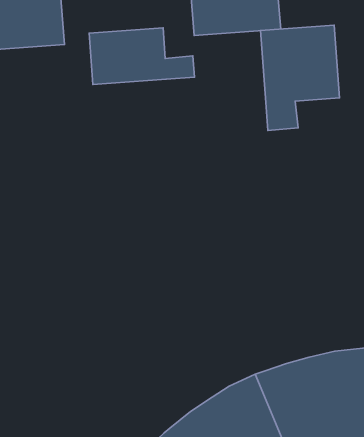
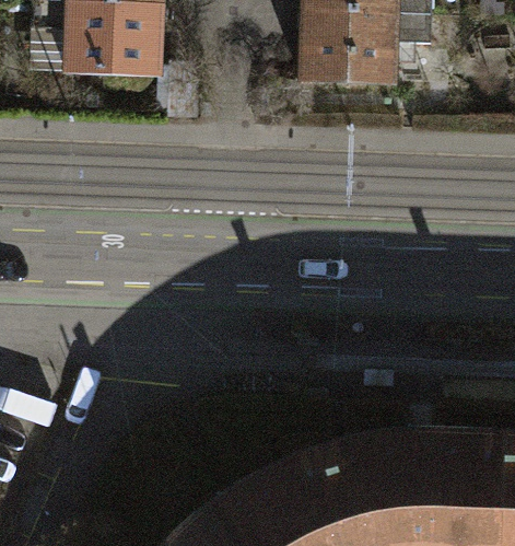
building: [260,25,340,130] -> none
building: [89,28,194,85] -> none

